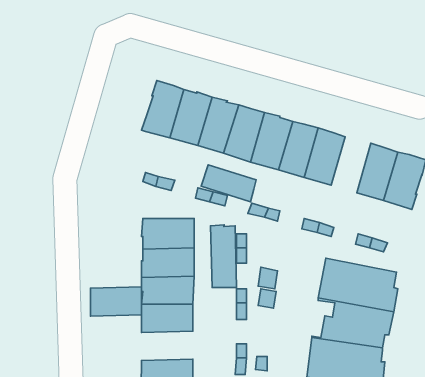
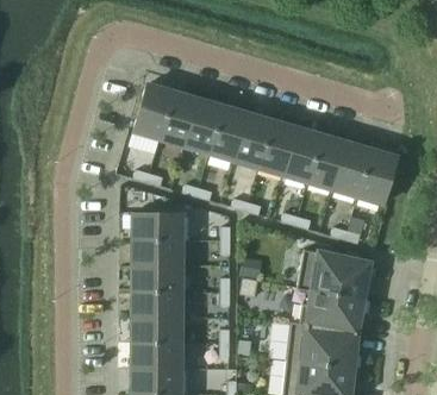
building: none -> [308,137,345,189]
building: [201,165,256,202] -> none
building: [211,225,237,287] -> none
building: [90,287,142,316] -> [132,318,180,345]

